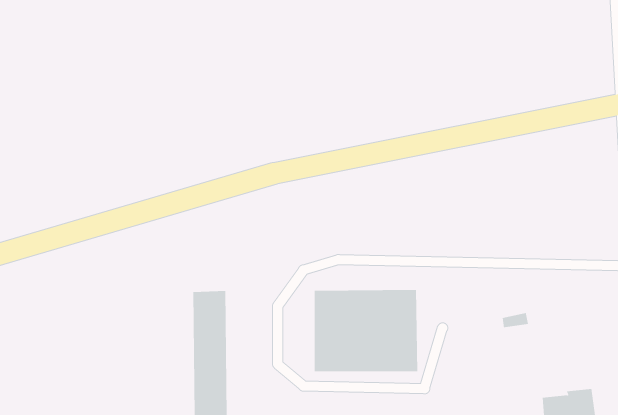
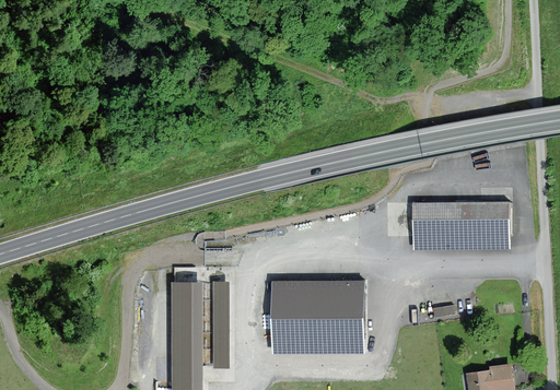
building: none -> [413,204,508,247]
building: none -> [212,282,229,368]

